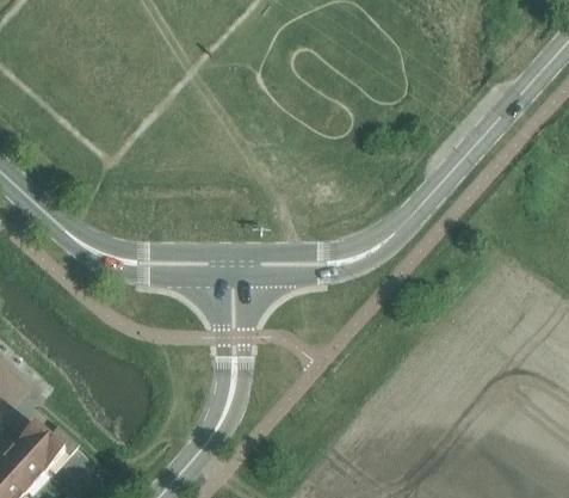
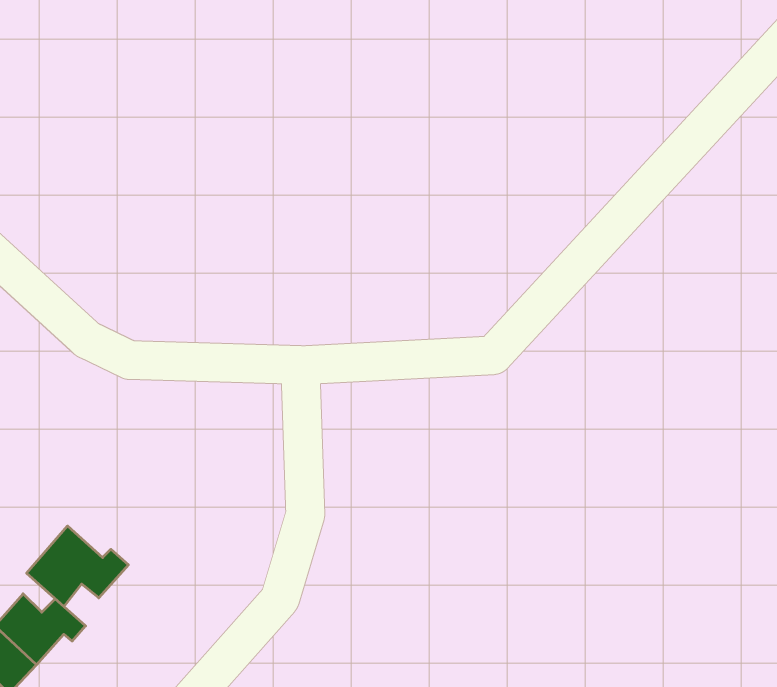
building: none -> [27,526,128,606]

